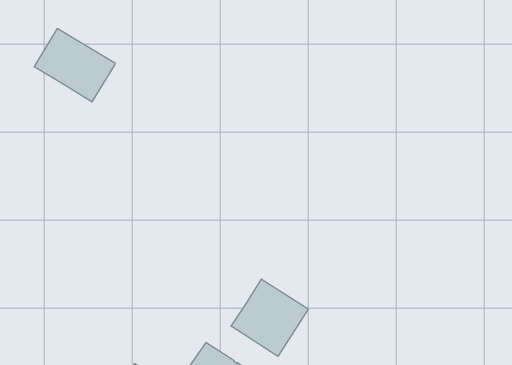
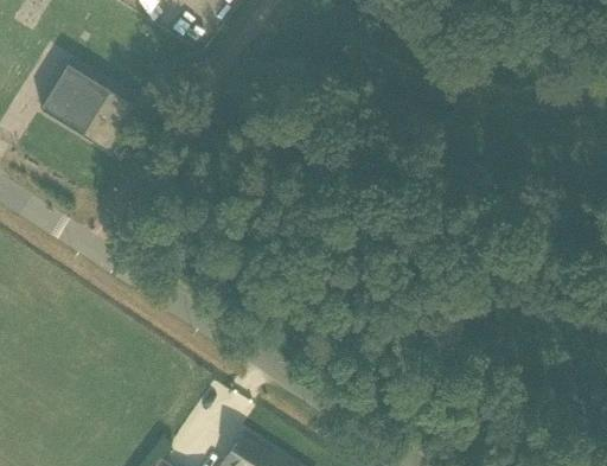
building: [231,279,308,356] -> none

